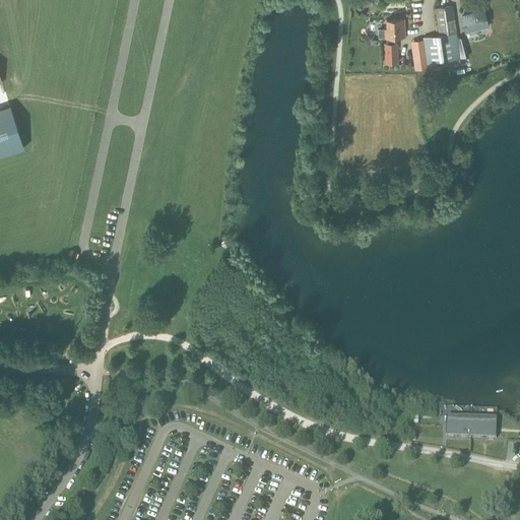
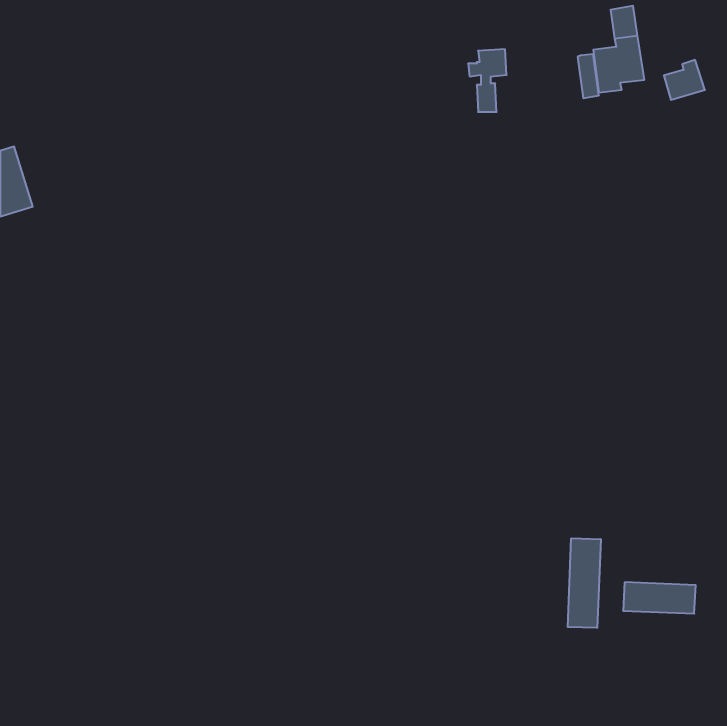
building: [460,4,490,32] -> [664,60,705,100]
building: [378,17,405,62] -> [468,49,507,112]
building: none -> [568,538,601,628]

